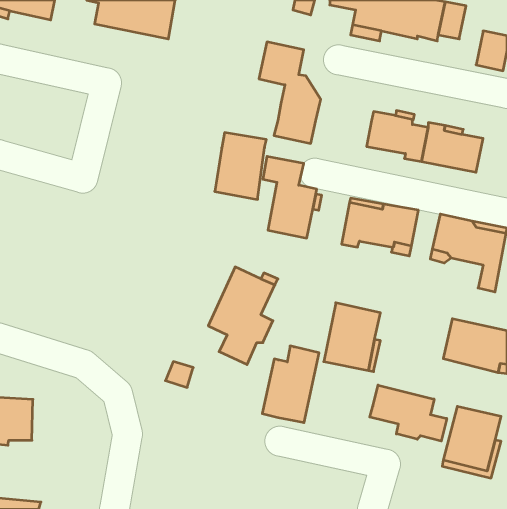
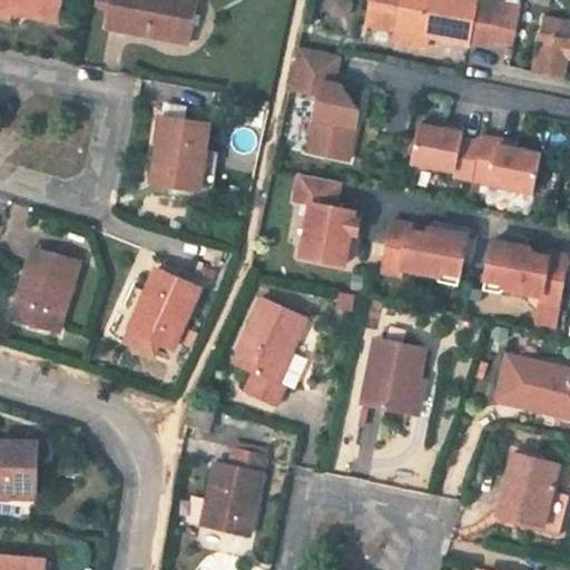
building: [215,133,266,199] -> [150,118,208,193]
building: none -> [10,249,79,334]
building: none -> [122,269,199,356]
building: [262,346,319,423] -> [202,450,265,535]
building: [370,385,447,441] -> none

